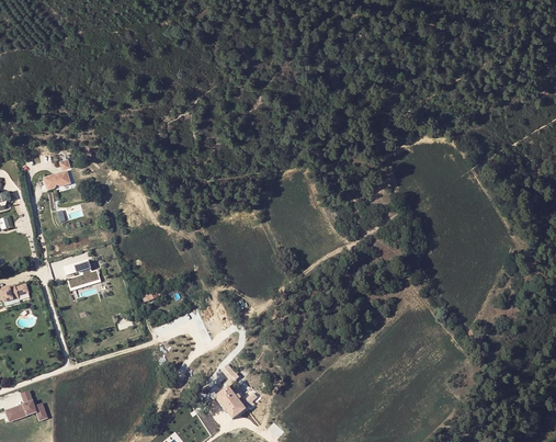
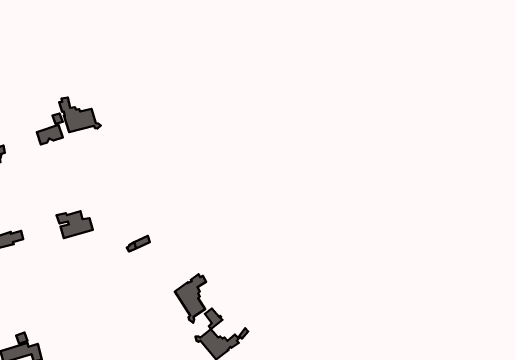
building: none -> [59,98,101,132]
building: none -> [175,274,206,323]

